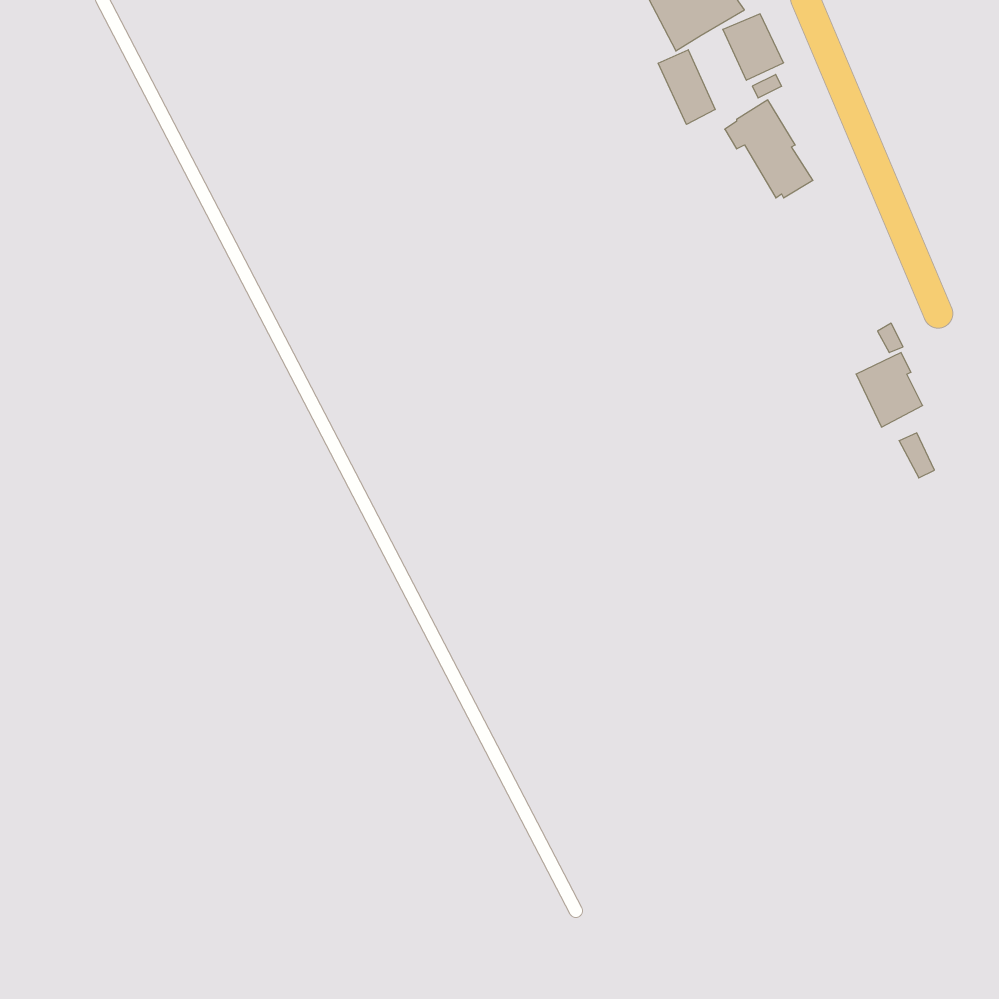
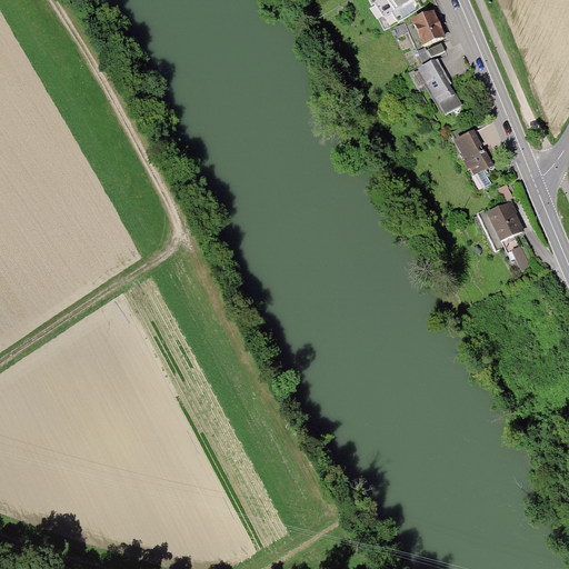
building: [658,50,715,124] -> none
building: none -> [453,128,493,188]

